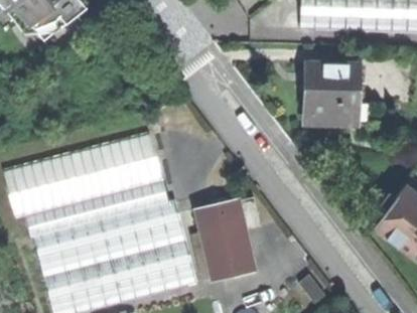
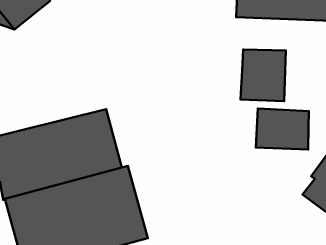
building: none -> [256,109,309,149]
building: [195,196,262,279] -> none

